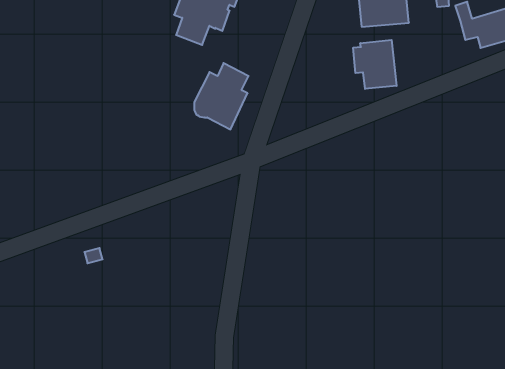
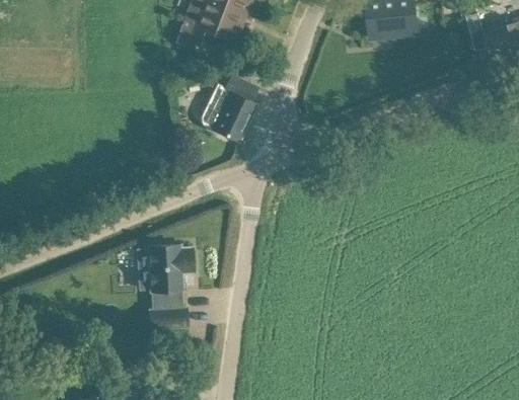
building: [353,40,397,89] -> none
building: none -> [138,245,193,329]

